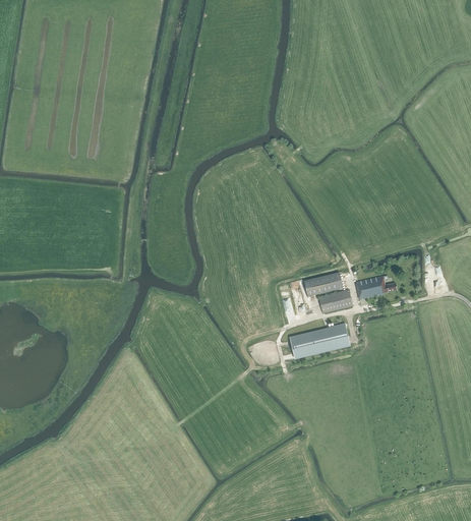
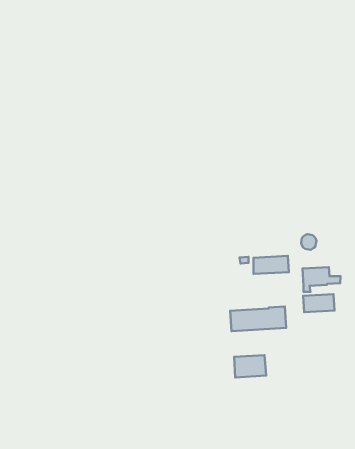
building: [318,289,353,312] -> [303,294,335,312]
building: none -> [234,355,266,377]

